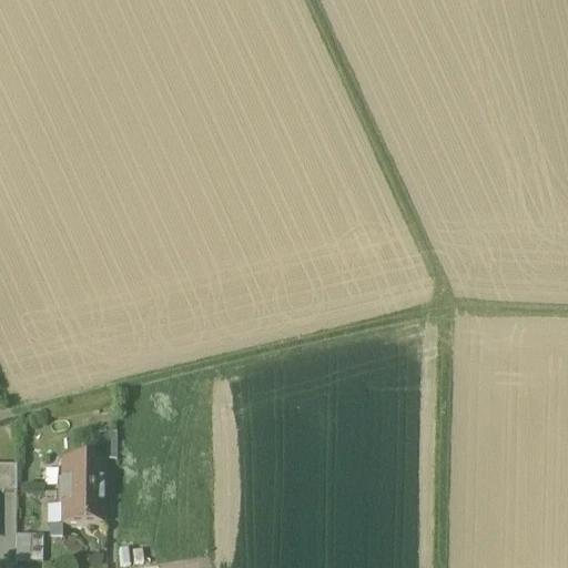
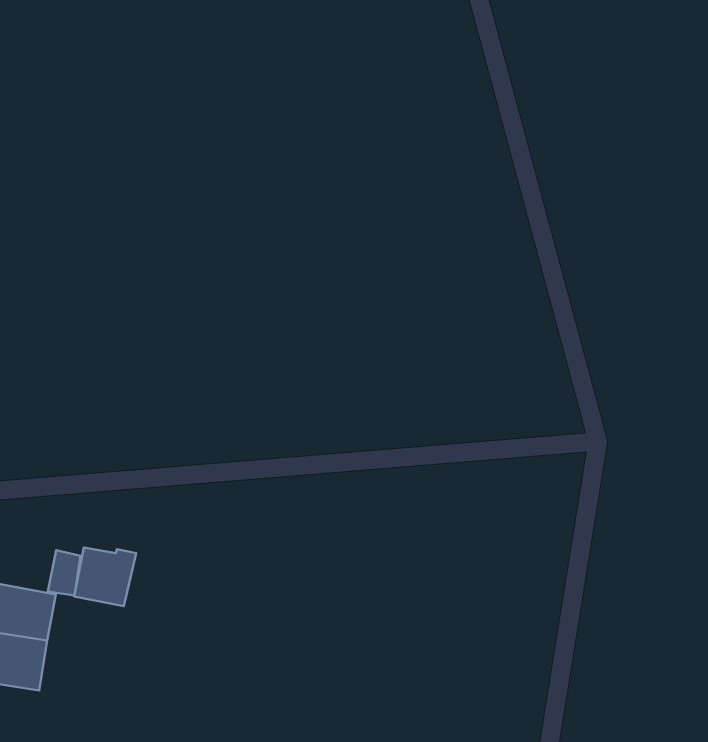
building: none -> [74,548,136,606]

